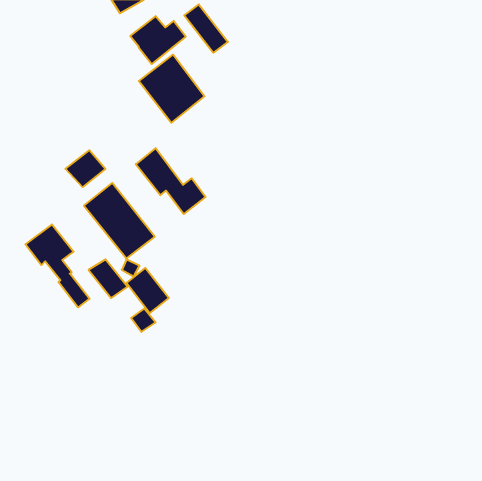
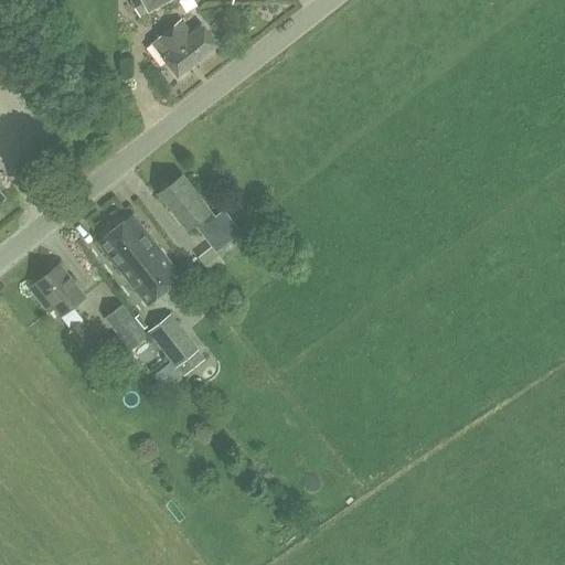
building: [184,4,228,53] -> none
building: [139,55,205,123] -> none
building: [65,150,105,187] -> none

